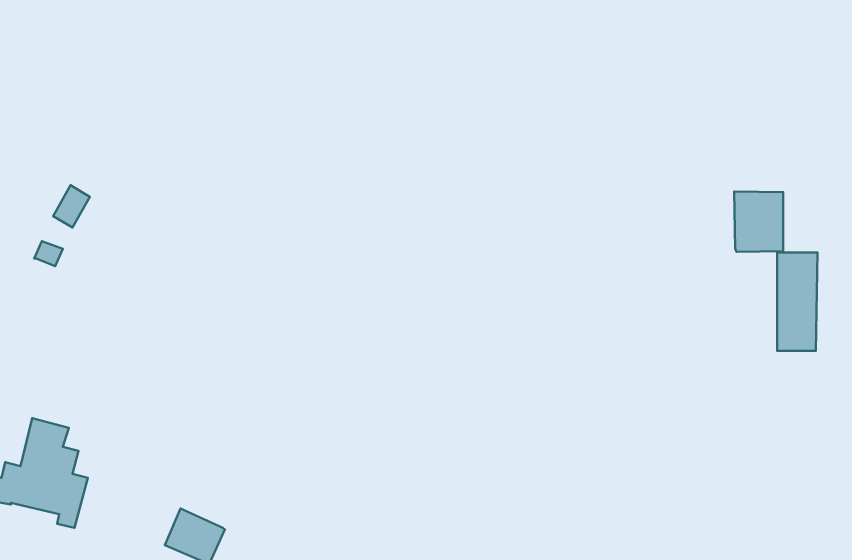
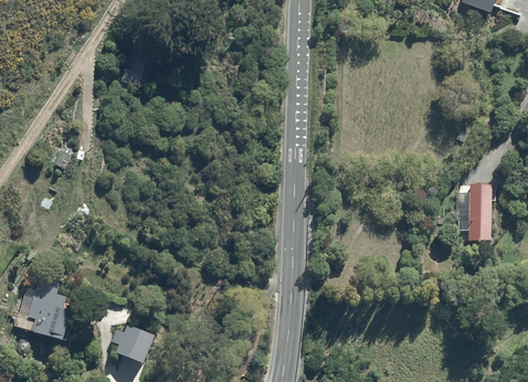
building: [734,192,783,252] -> none

